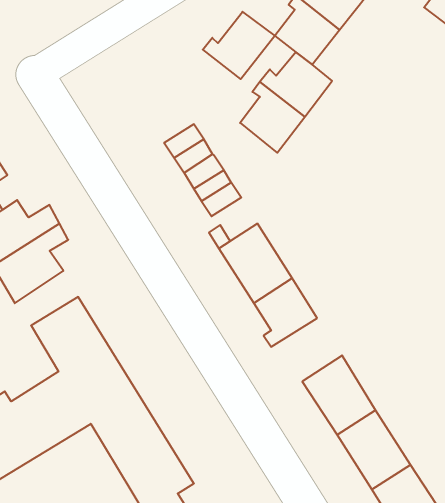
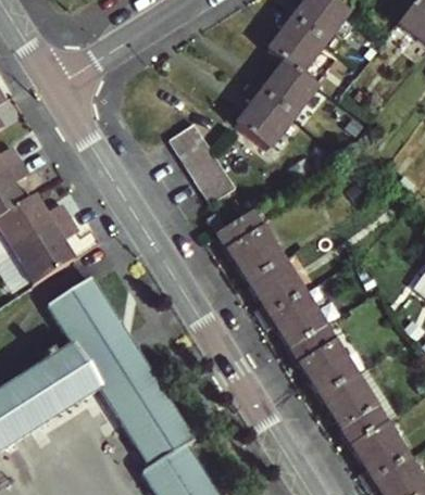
building: [203,12,275,79] -> none
building: none -> [263,294,325,350]

